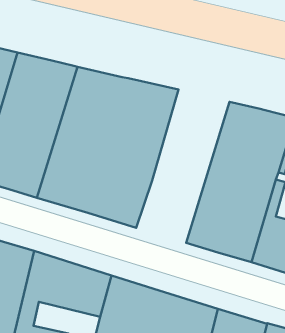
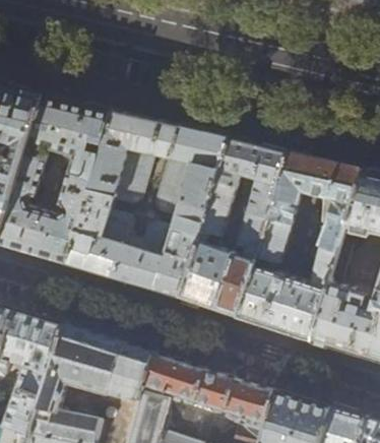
building: none -> [180,139,288,316]

